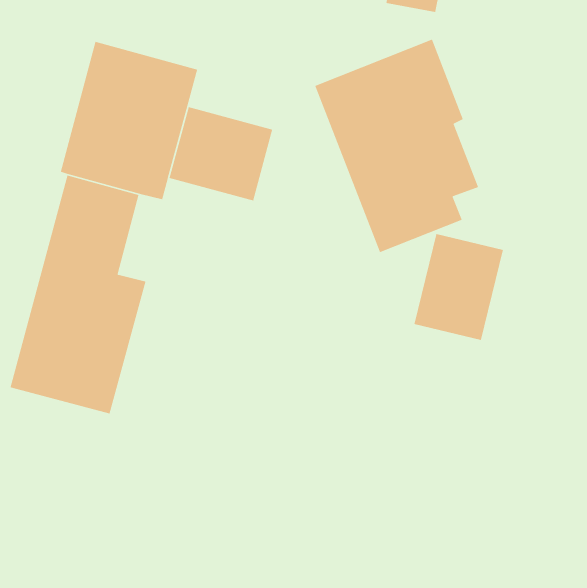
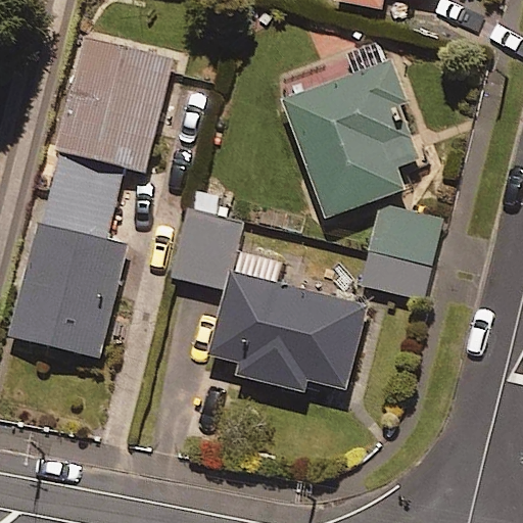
building: [169,106,273,202] -> none
building: none -> [170,207,367,394]

